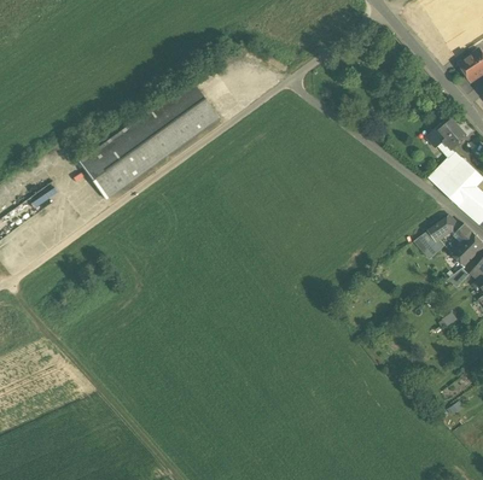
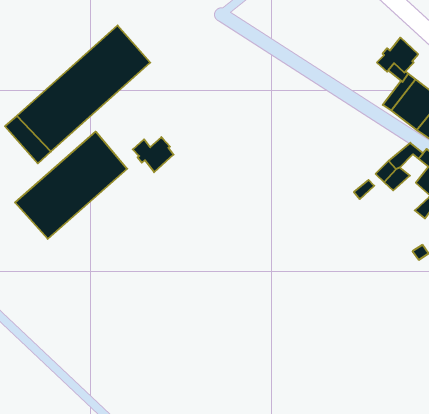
building: none -> [15,132,127,239]
building: none -> [133,137,174,172]

